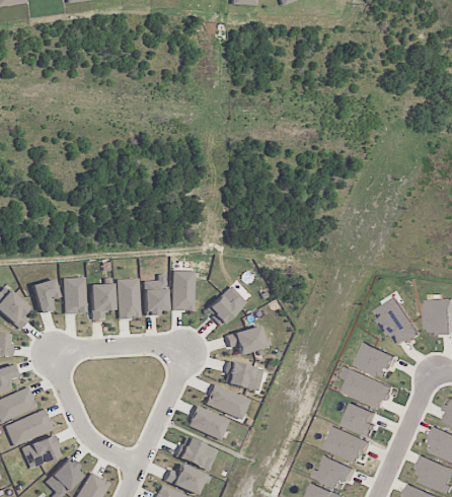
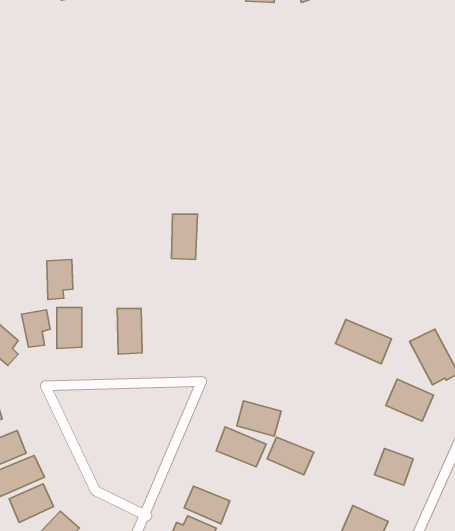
building: [172,271,196,311] -> [171,214,198,260]
building: [144,275,167,316] -> none
building: [90,284,114,320] -> [47,260,73,299]
building: [206,286,246,326] -> none
building: [226,326,265,355] -> none
building: [346,369,395,409] -> [336,320,391,364]
building: [189,407,230,440] -> [267,437,314,475]
building: [326,426,371,463] -> none

